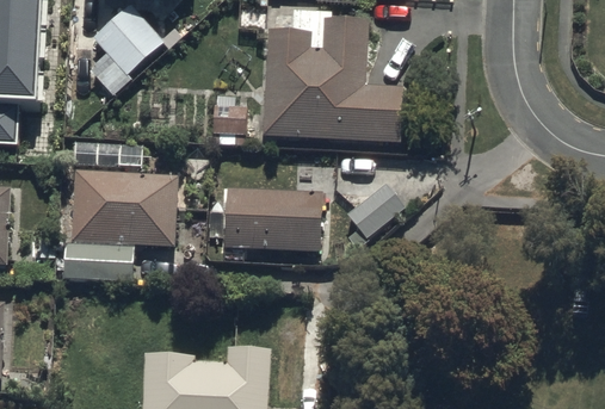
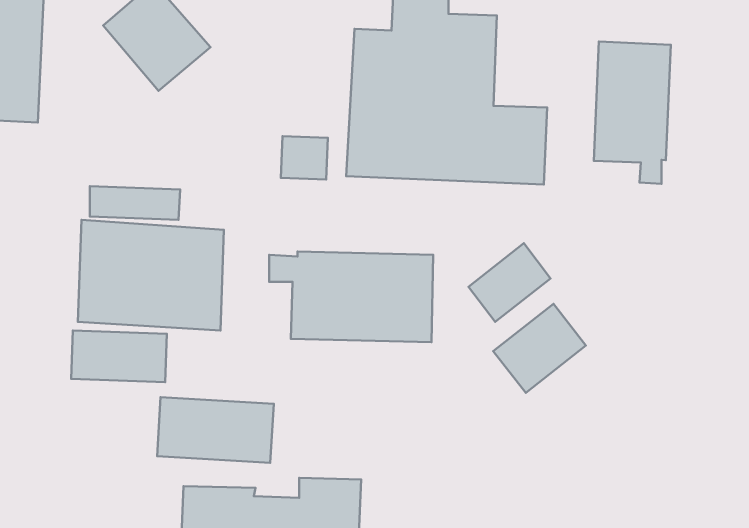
building: none -> [594,41,671,184]
building: none -> [493,304,586,393]
building: none -> [157,397,274,463]

